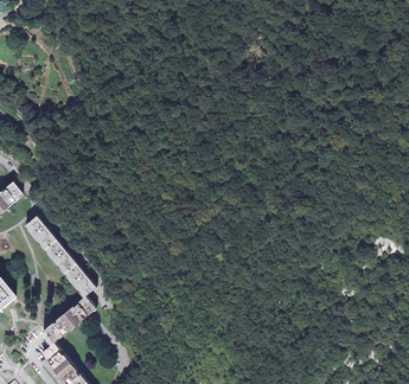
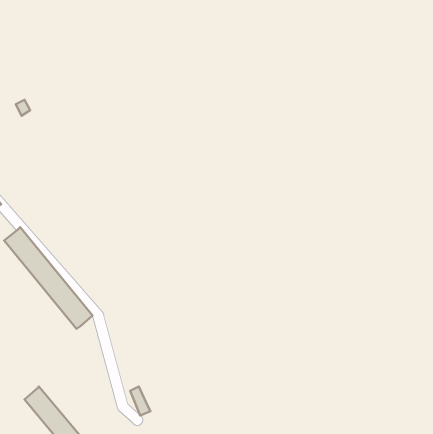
building: [40,292,97,343] -> none

